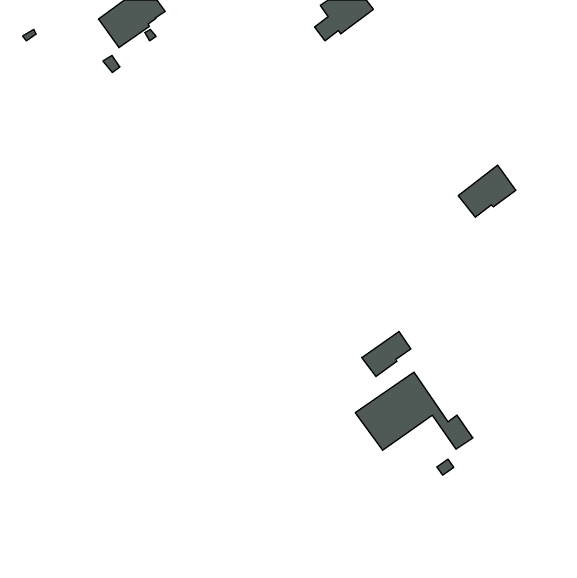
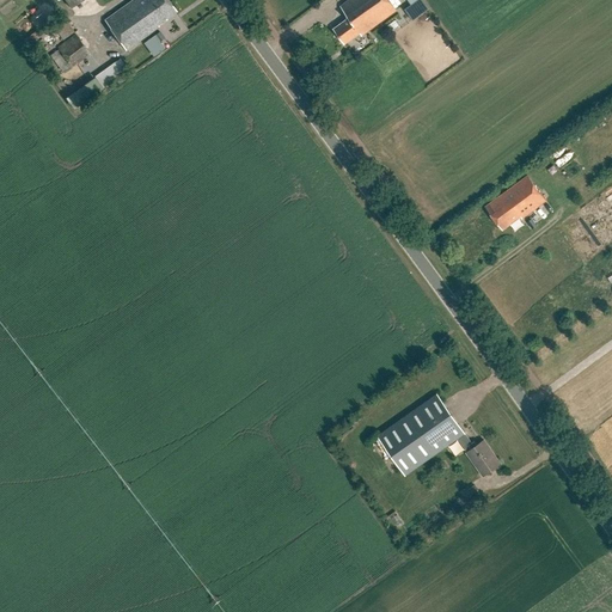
building: none -> [49,35,88,74]
building: [362,331,411,377] -> none

